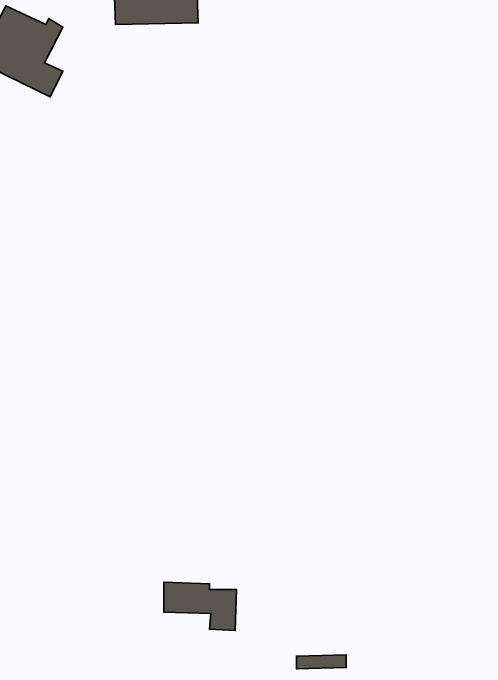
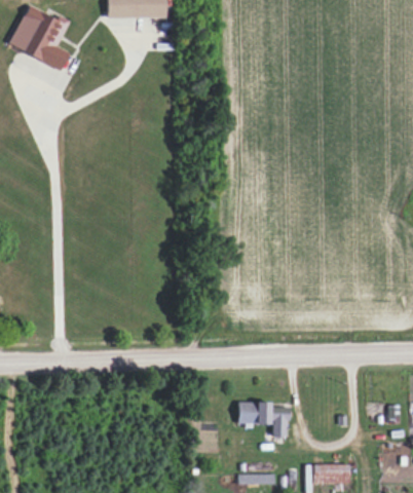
building: [164,582,236,631] -> [238,402,291,437]
building: none -> [313,463,350,484]

